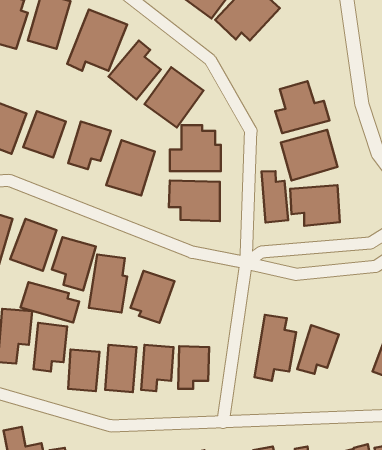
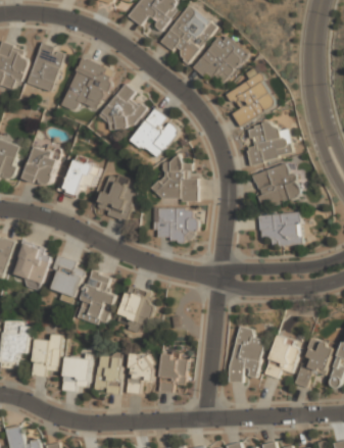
building: none -> [225,72,279,126]
building: [262,171,288,222] -> none
building: [21,282,79,323] -> none
building: none -> [296,337,334,387]

